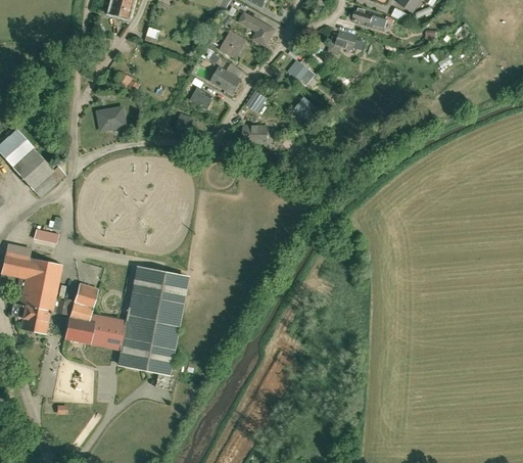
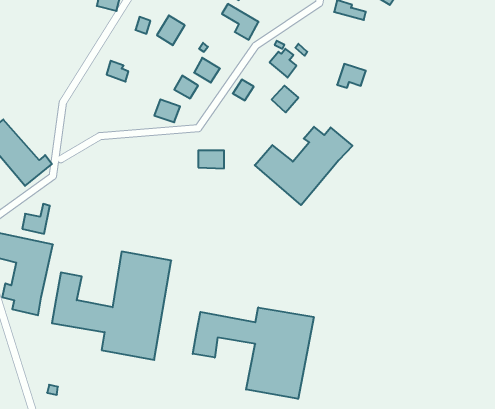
building: [221,28,249,58] -> [157,15,185,45]
building: [328,30,358,54] -> [337,64,366,88]
building: [100,107,128,131] -> none
building: [240,125,267,143] -> [198,150,224,168]
building: none -> [255,127,352,205]
building: none -> [193,307,314,399]

